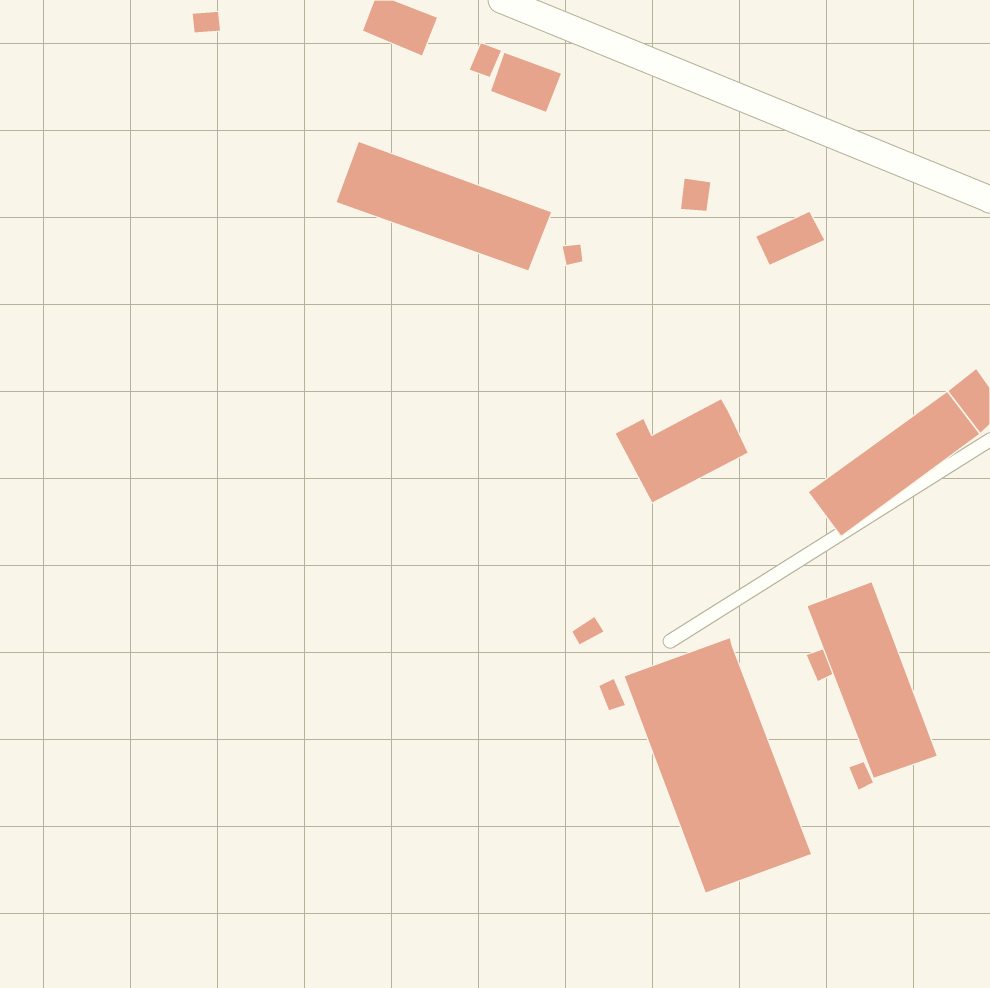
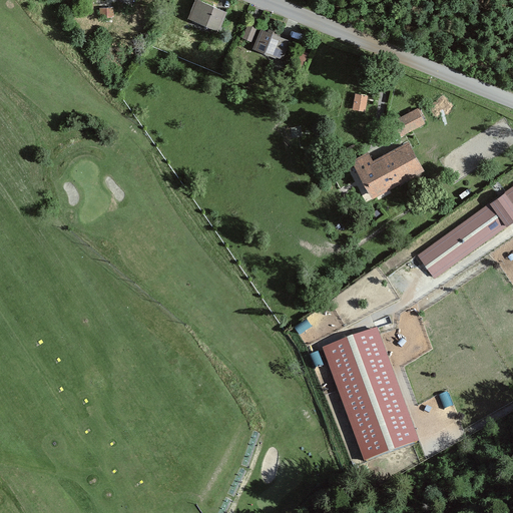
building: [336,141,552,271] -> none
building: [615,399,749,503] -> [354,141,423,195]
building: [807,582,937,779] -> none

